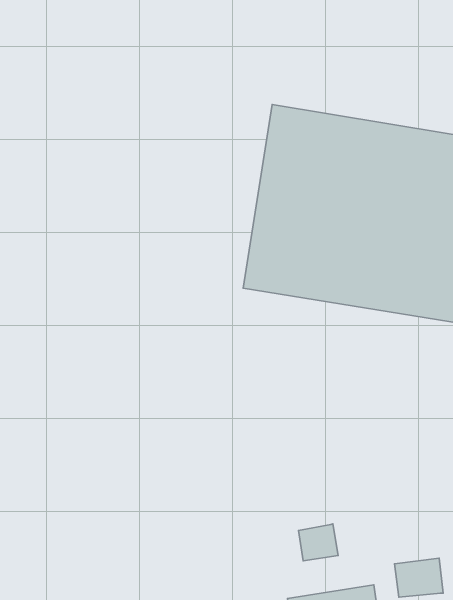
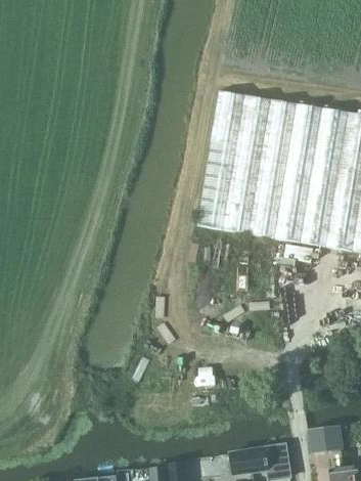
building: [299,524,338,561] -> none

